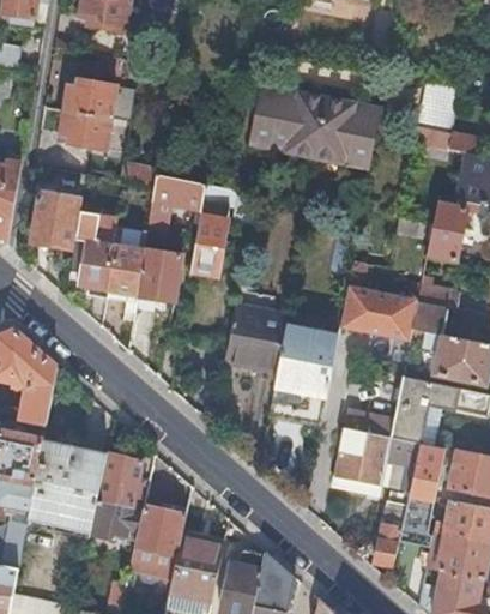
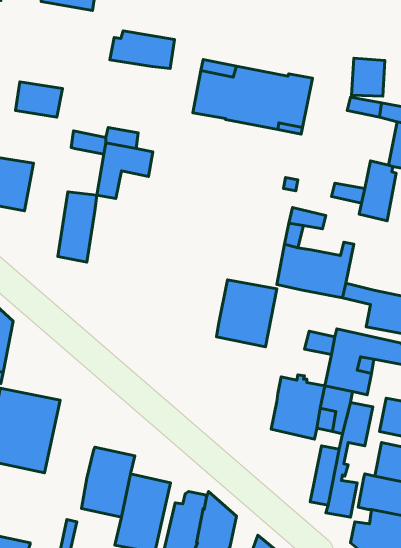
building: [63,78,133,119] -> [110,31,175,69]
building: [190,205,229,275] -> none
building: [69,210,115,297] -> none
building: [135,248,181,309] -> none
building: [413,276,461,333] -> none
building: [224,299,289,371] -> none
building: [90,452,144,536] -> none

